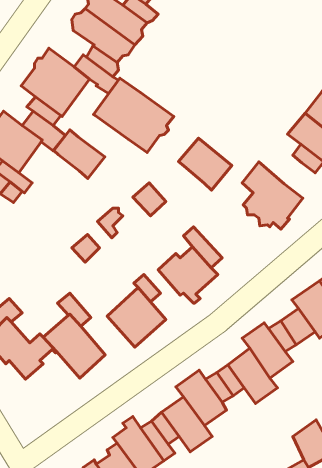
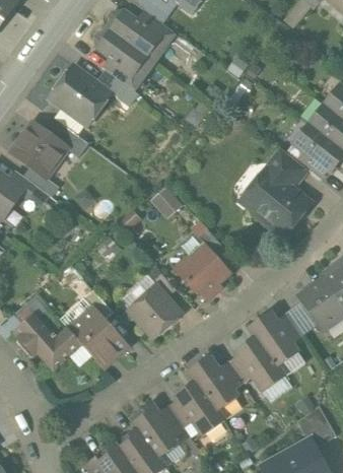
building: [93,78,174,153] -> none
building: [54,130,105,178] -> none
building: [178,138,232,190] -> none
building: none -> [266,149,305,189]

